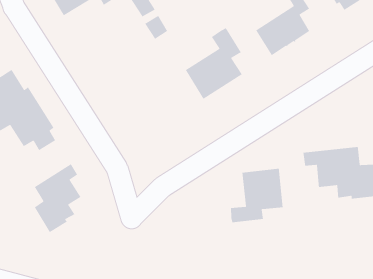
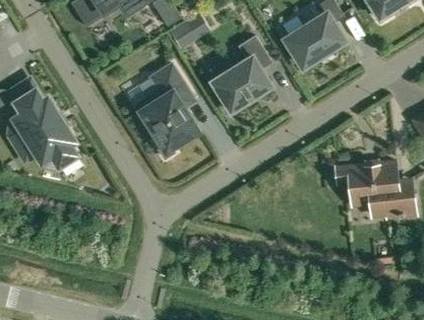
building: none -> [136,64,199,158]
building: [34,163,81,233] -> none
building: [230,168,284,223] -> none

